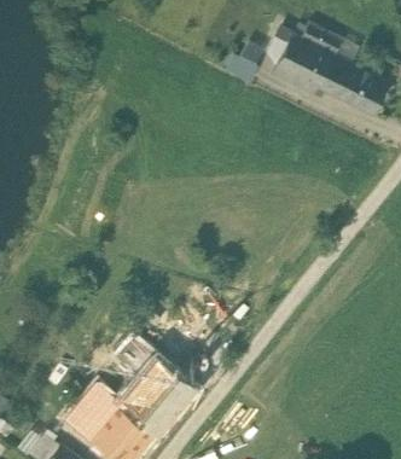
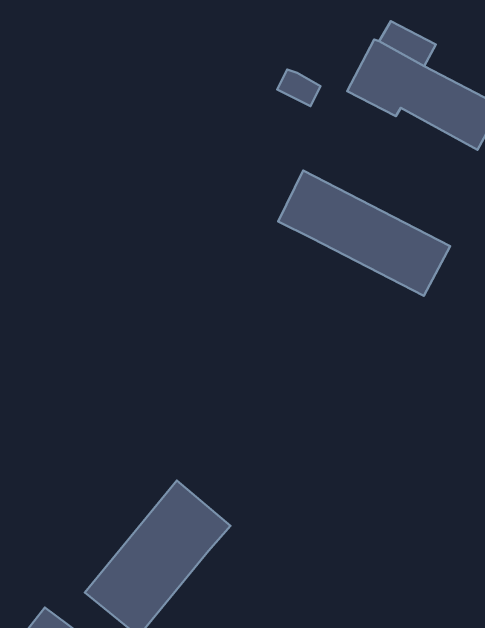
building: none -> [278,170,450,296]

